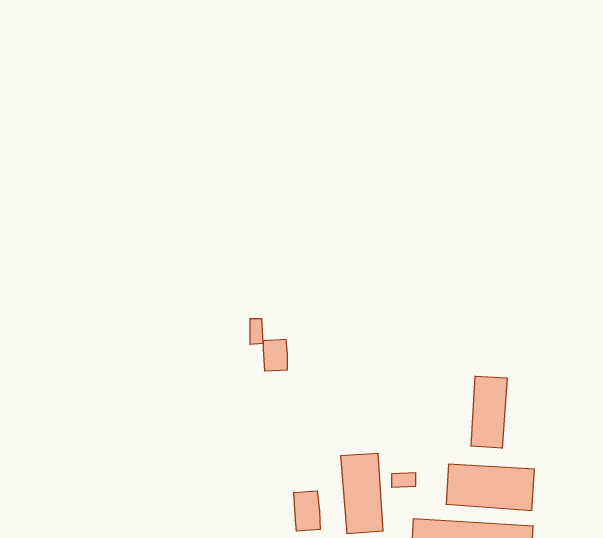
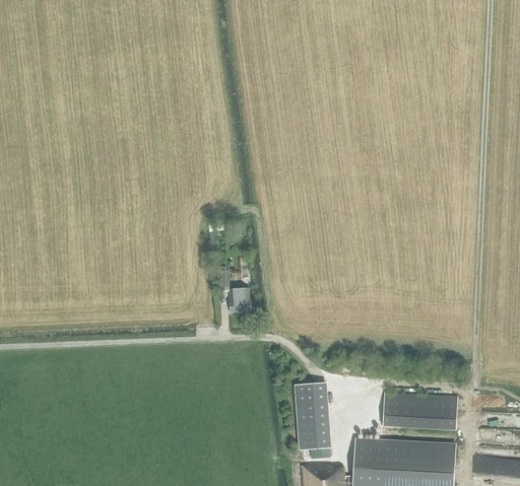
building: [471,376,507,448] -> none
building: [294,491,320,531] -> none

